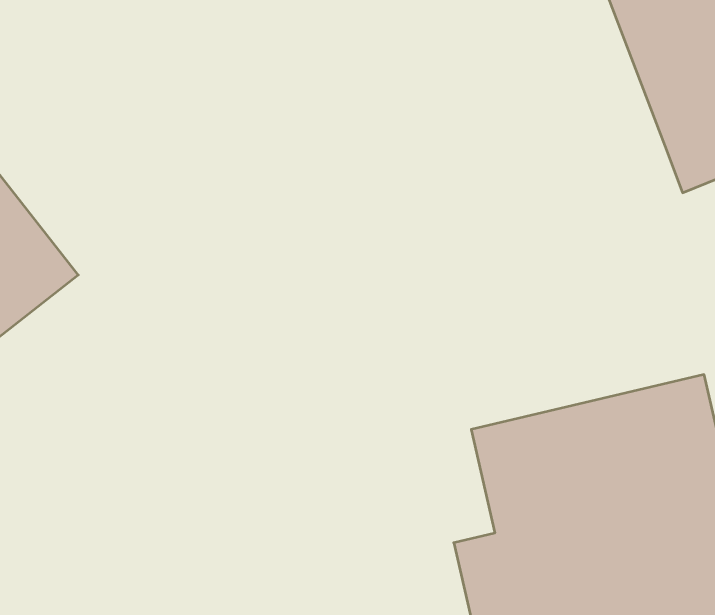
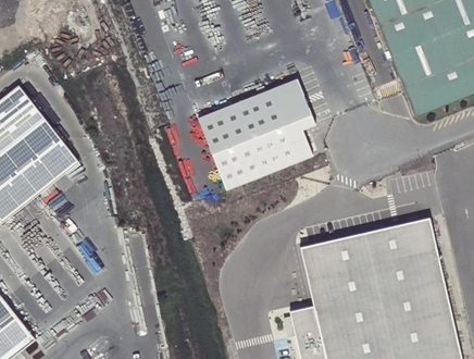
building: none -> [194,77,314,190]

